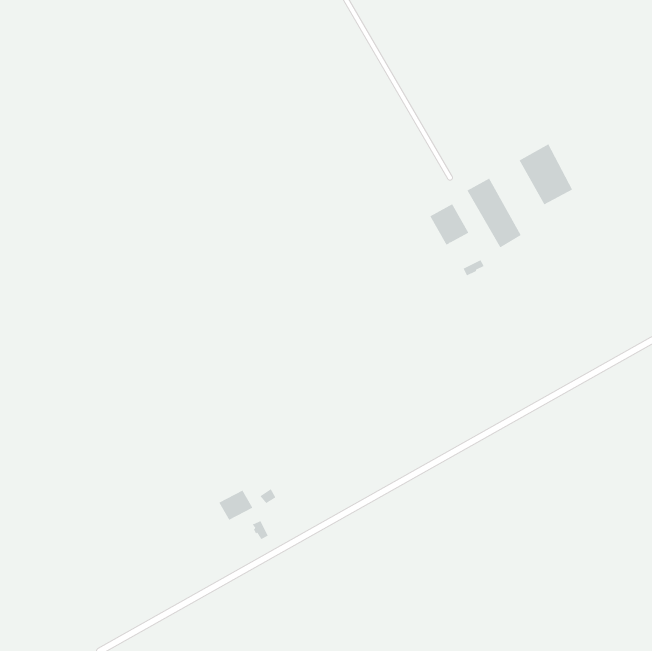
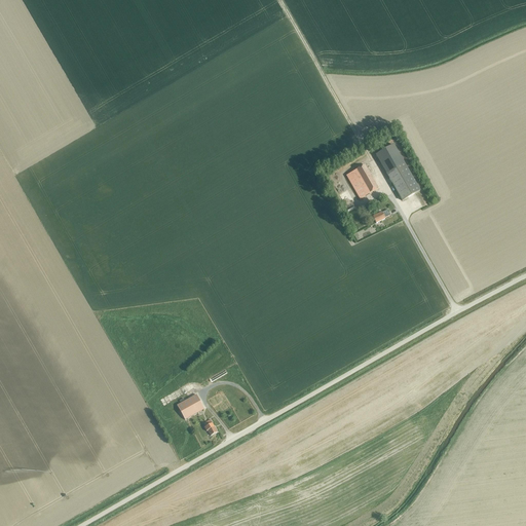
building: [519,144,573,205] -> none

